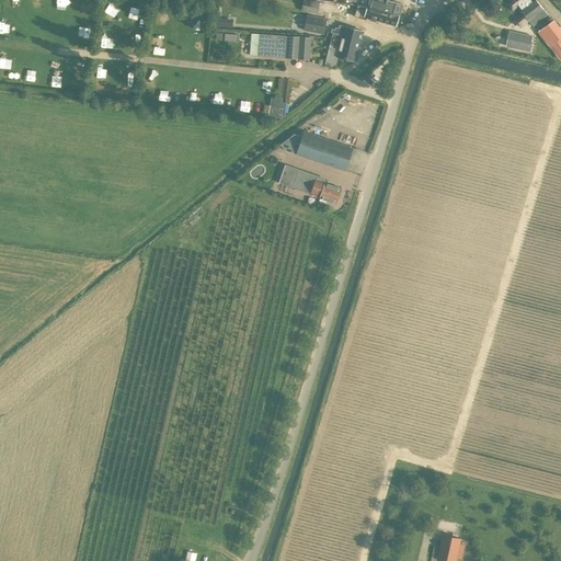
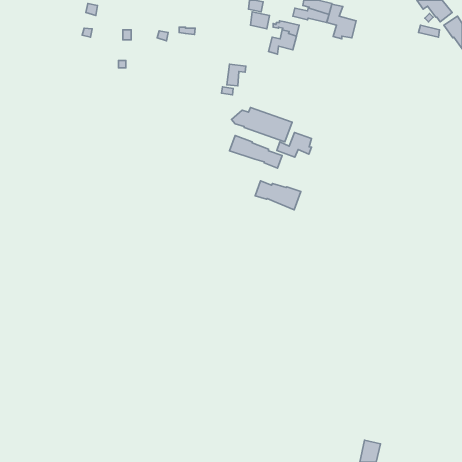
building: none -> [327,4,356,39]
building: [259,34,311,60] -> none
building: none -> [277,132,312,157]
building: none -> [255,181,301,210]

